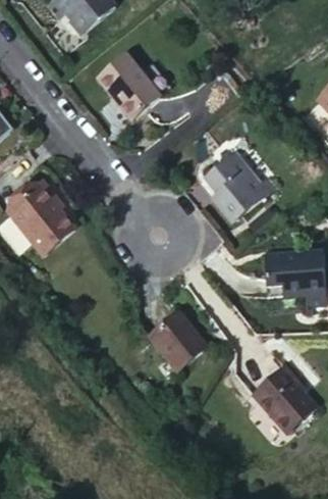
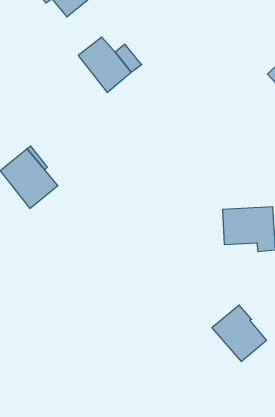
building: [205,146,276,220] -> none
building: [149,311,206,370] -> none

